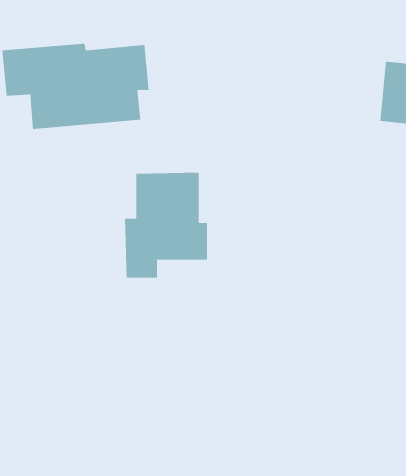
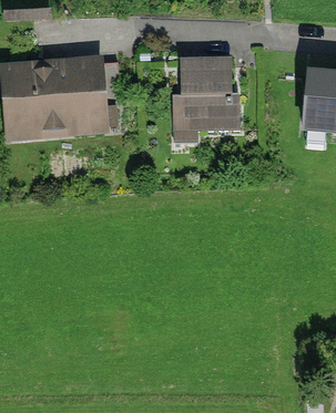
building: [124,172,208,278] -> [171,58,237,142]

